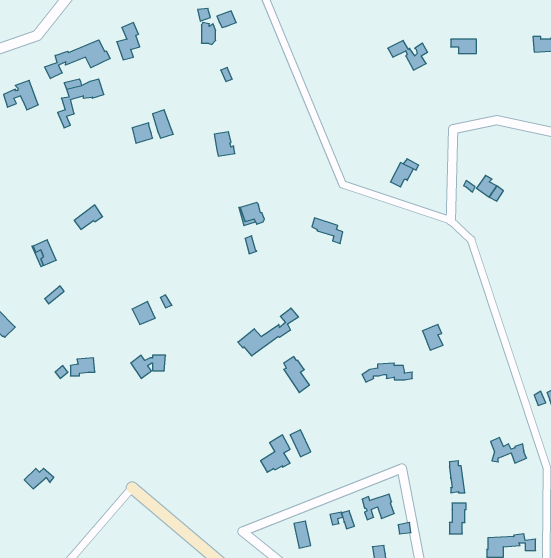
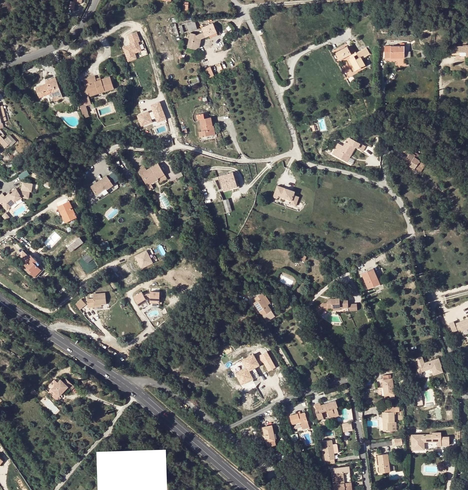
building: [45,40,110,79] -> none
building: none -> [136,166,163,191]
building: [238,308,299,356] -> none

